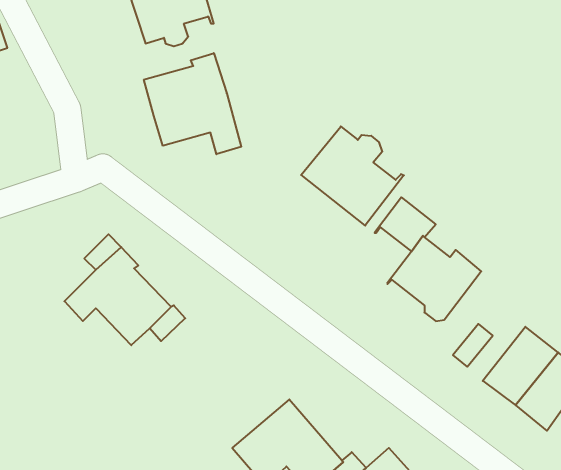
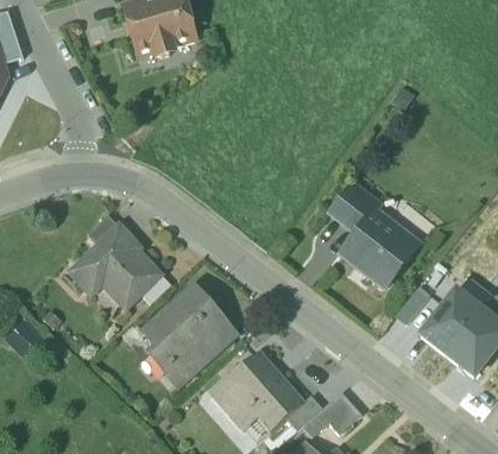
building: [144,53,241,154] -> none
building: [301,126,404,226] -> none
building: none -> [143,285,235,382]

